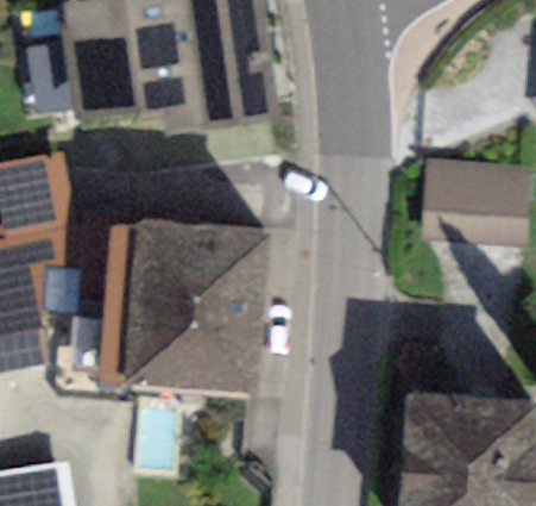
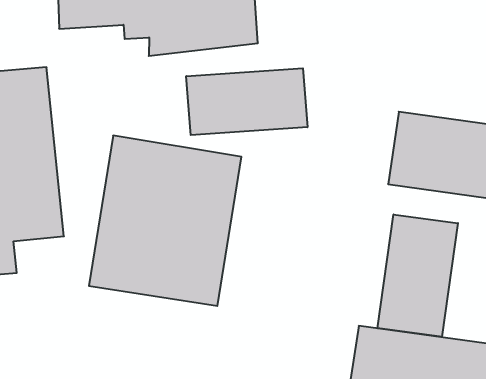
building: none -> [186,68,307,135]
building: none -> [378,214,458,337]

